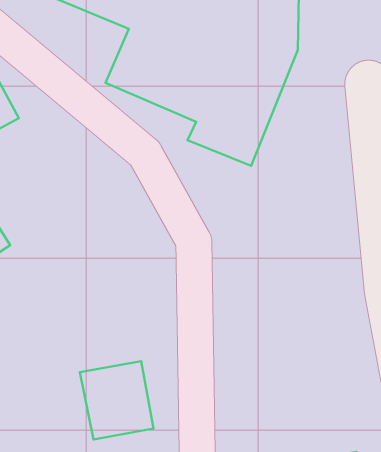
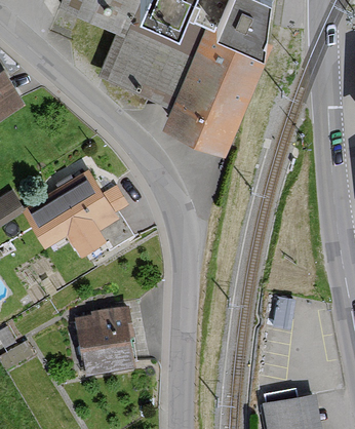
building: none -> [24,172,119,259]

